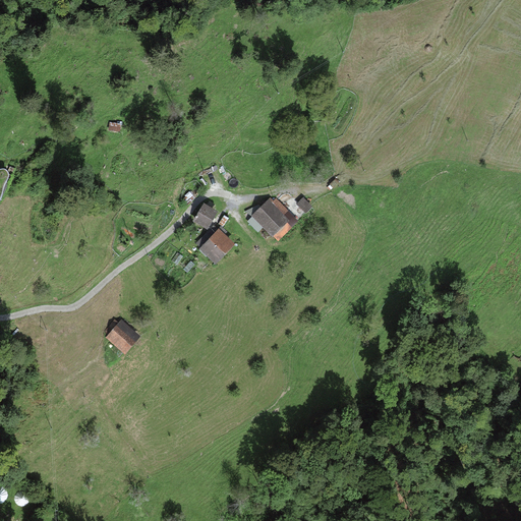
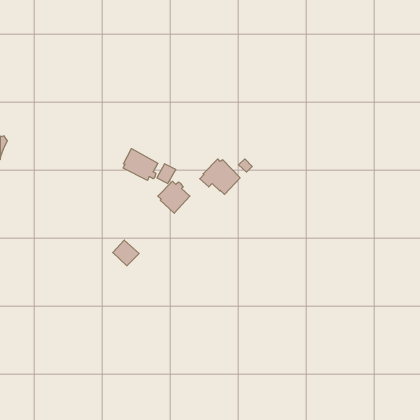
building: none -> [123,149,158,180]
building: [107,321,139,352] -> [113,240,139,266]

